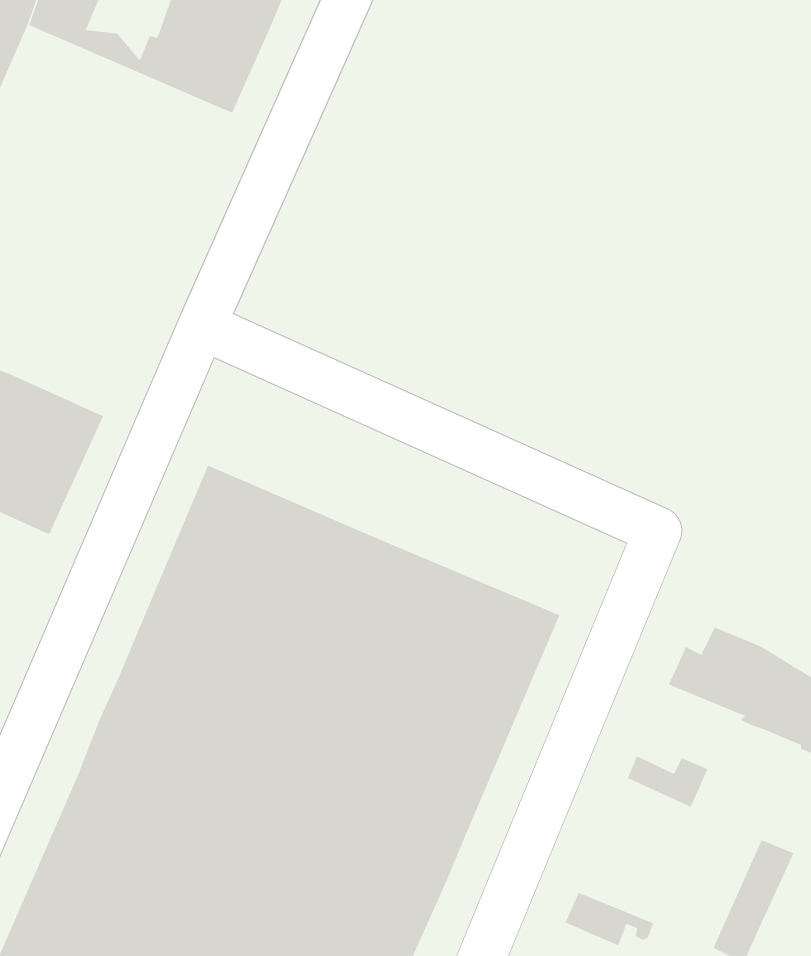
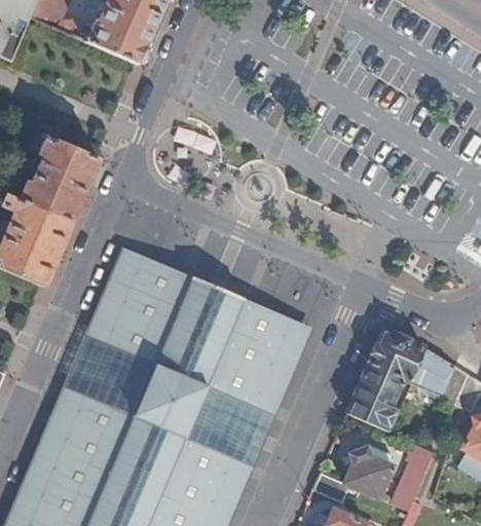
building: none -> [20,129,97,222]
building: none -> [350,364,402,410]
building: none -> [342,448,391,496]

